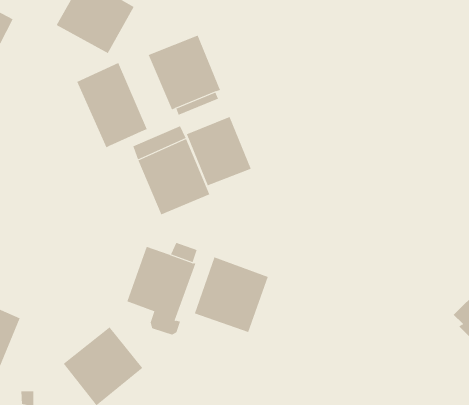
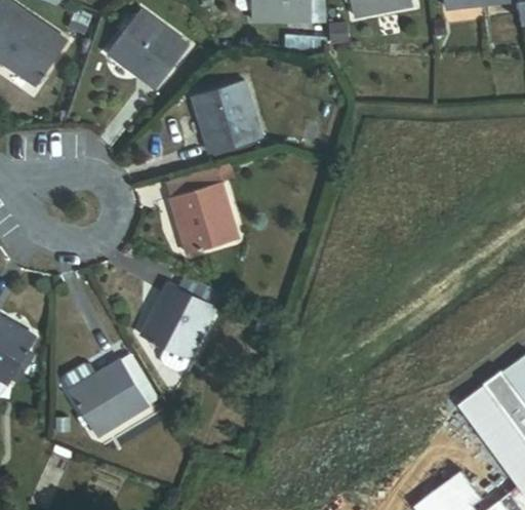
building: [77,62,147,148] -> none
building: [186,116,252,186] -> none
building: [194,256,268,333] -> none

